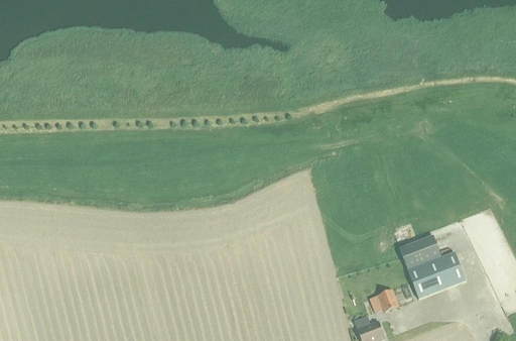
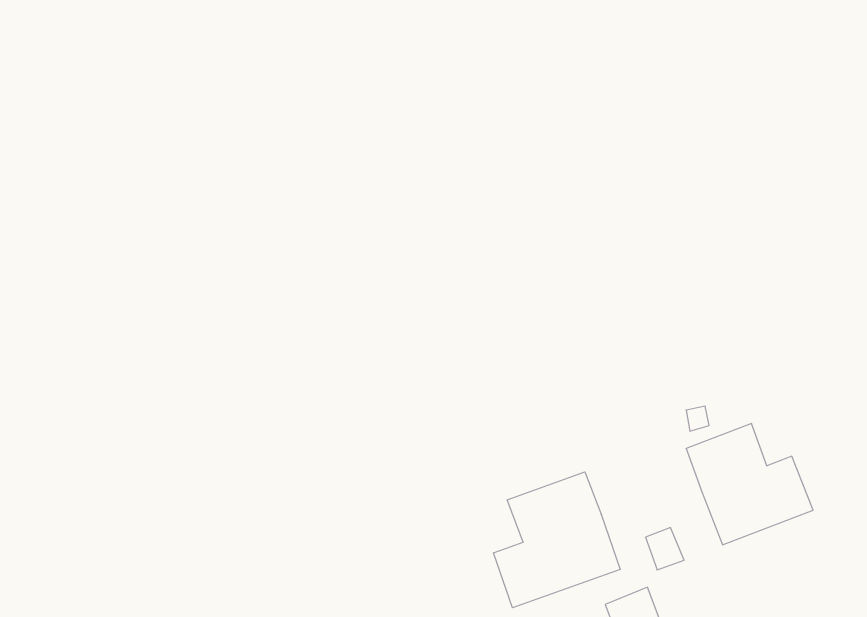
building: none -> [494,472,620,608]

